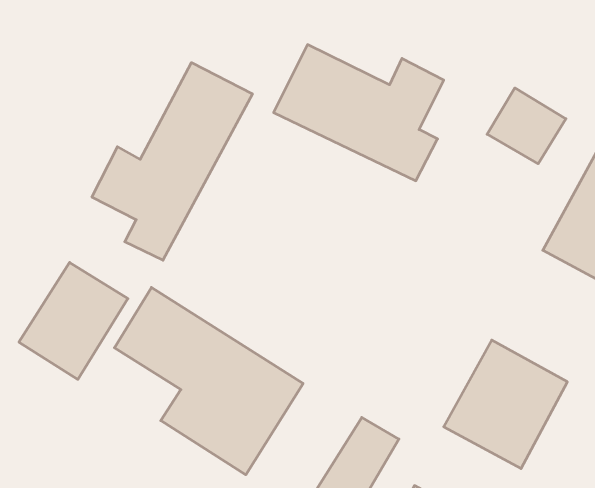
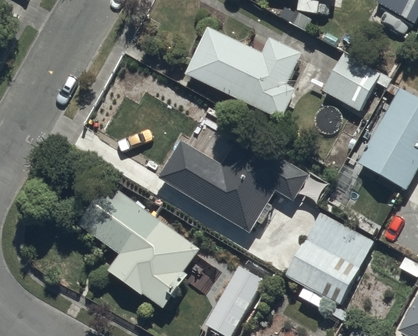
building: [92,63,252,260] -> none
building: none -> [162,140,305,234]
building: [19,262,128,379] -> none

